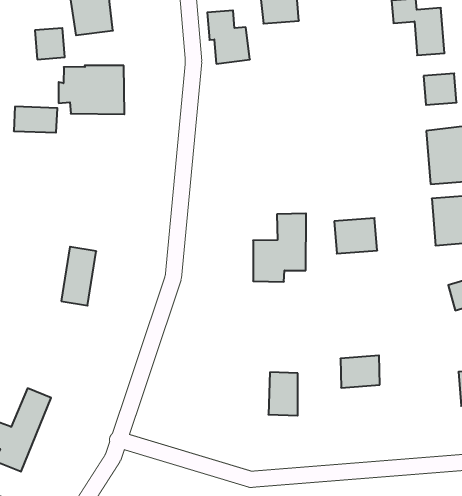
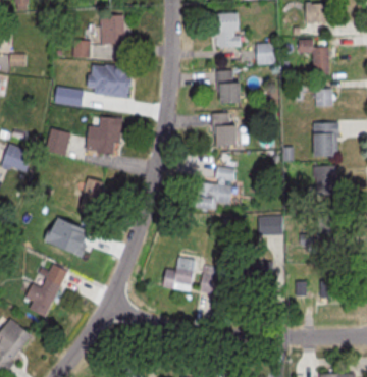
building: none -> [256,43,277,63]
building: [207,10,250,64] -> [214,71,239,104]
building: none -> [210,113,234,147]
building: none -> [84,116,120,156]
building: none -> [47,129,70,156]
building: [334,218,377,254] -> [258,216,283,236]
building: none -> [55,223,86,250]
building: none -> [163,258,197,292]

